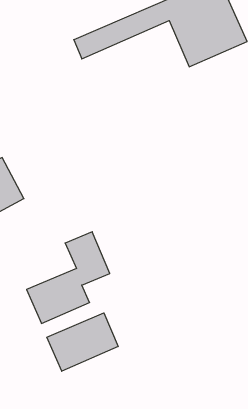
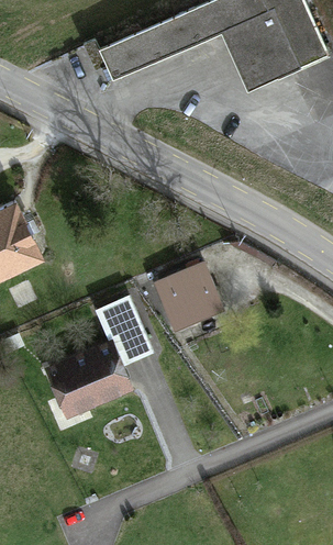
building: none -> [154,260,224,331]
building: [47,313,118,371] -> none

